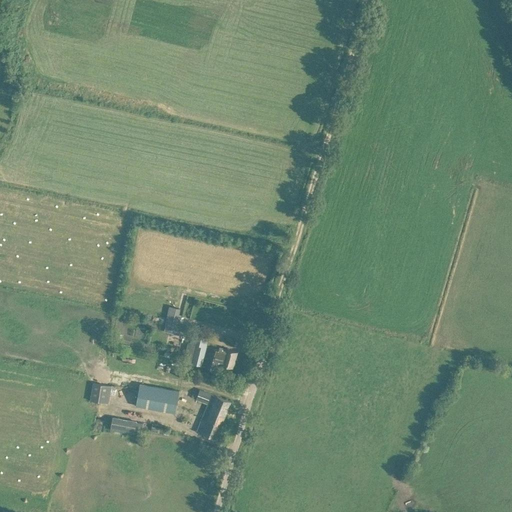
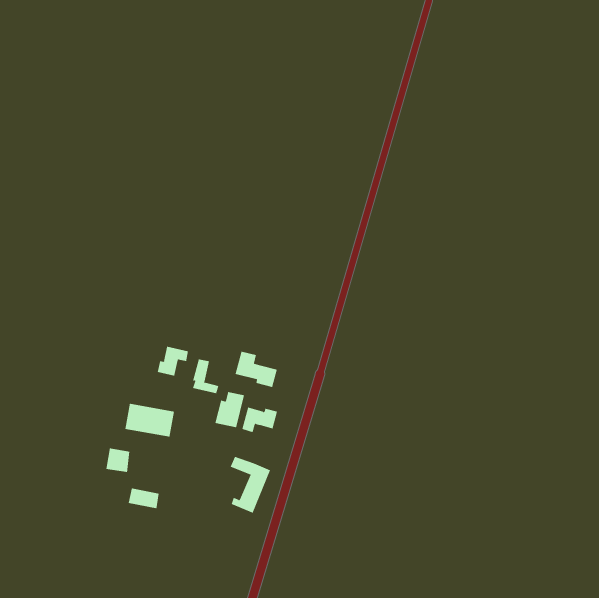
building: none -> [157,346,189,376]
building: none -> [235,351,277,388]
building: [136,384,179,413] -> [124,403,175,437]

